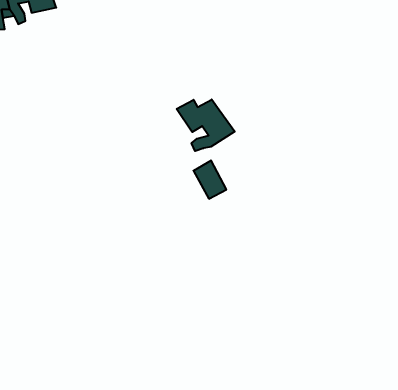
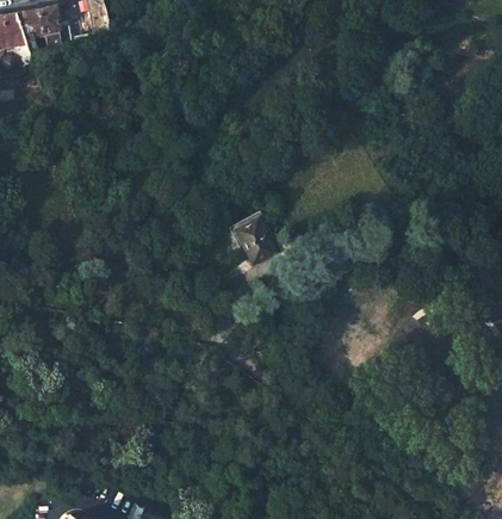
building: [177,99,235,151] -> none

